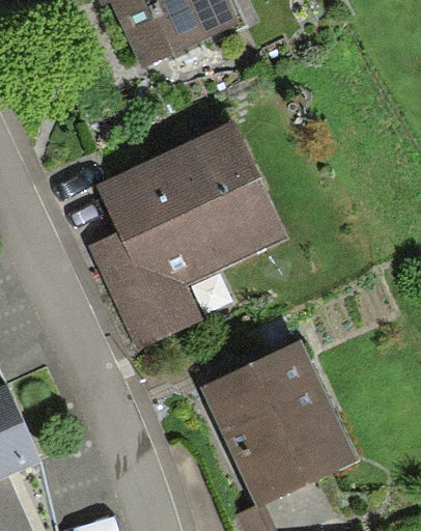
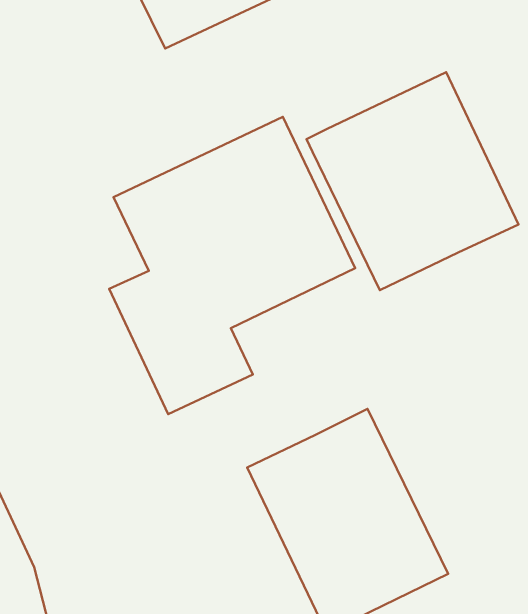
building: none -> [307,72,518,290]

